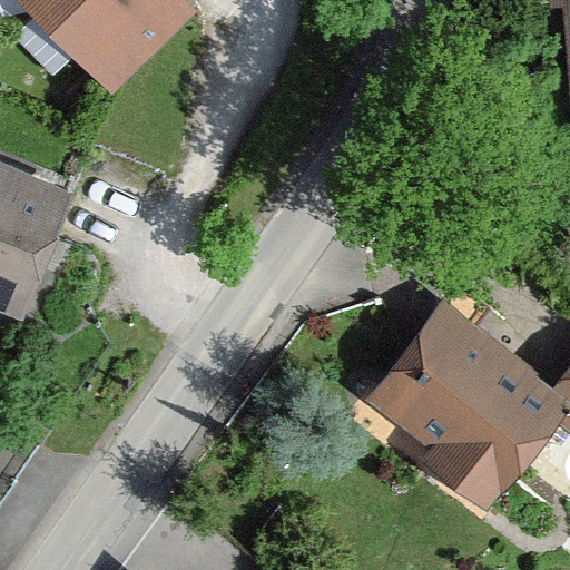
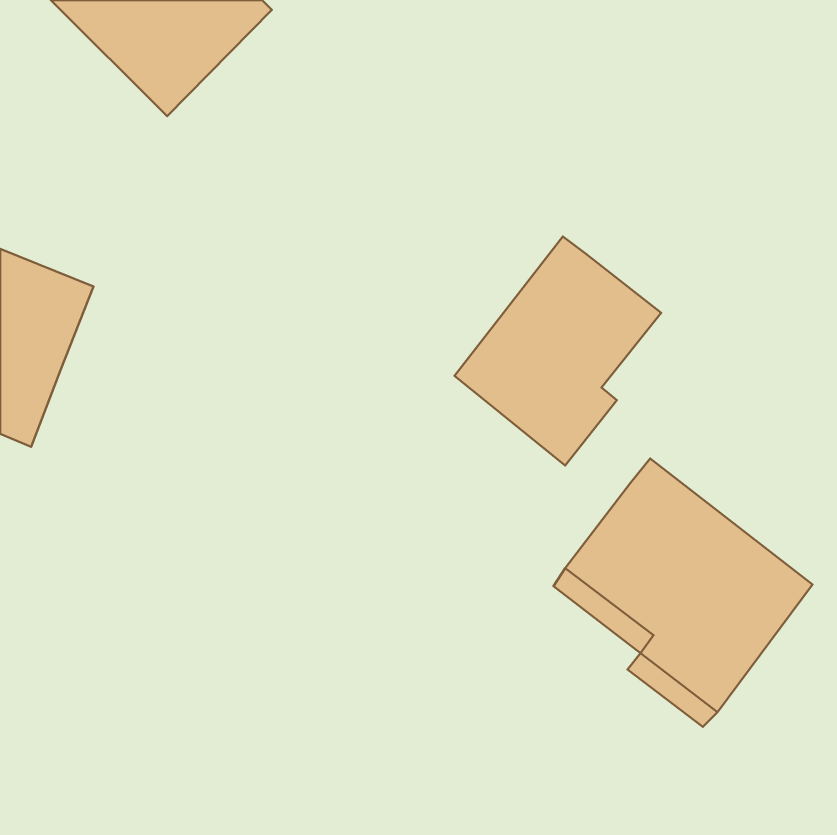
building: none -> [454,236,661,466]

